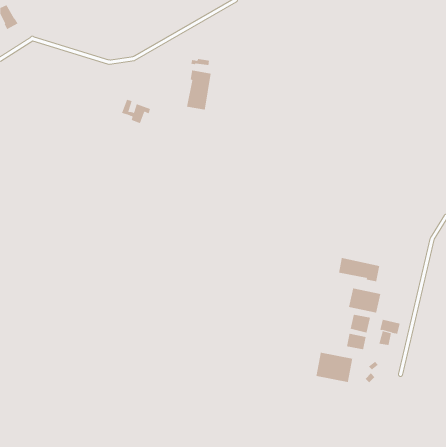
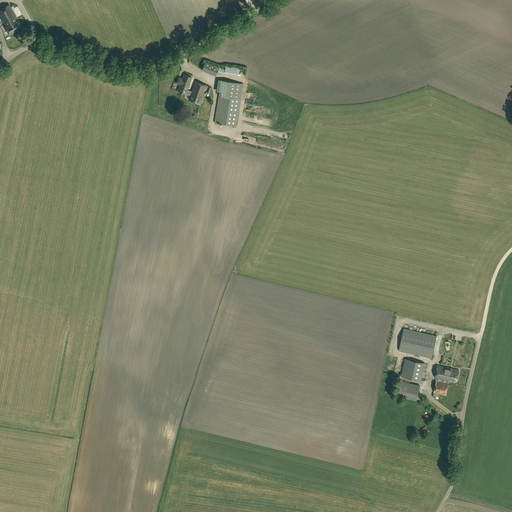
building: [121,99,151,124] -> [177,76,211,104]
building: [338,257,380,282] -> none
building: [316,352,353,383] -> none

